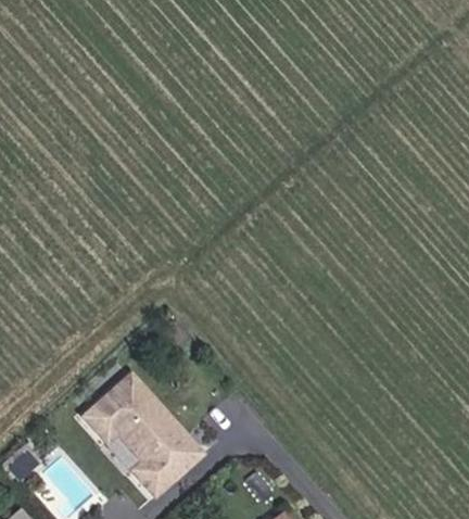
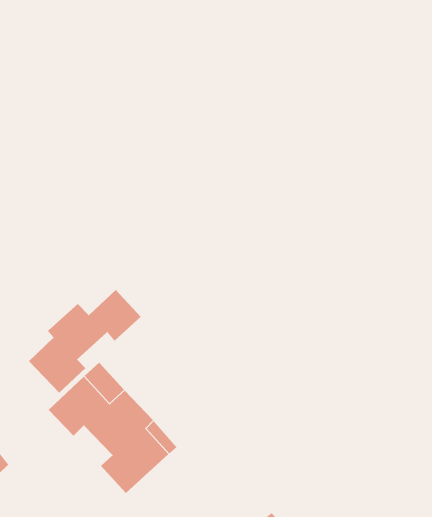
building: none -> [28,289,142,394]

